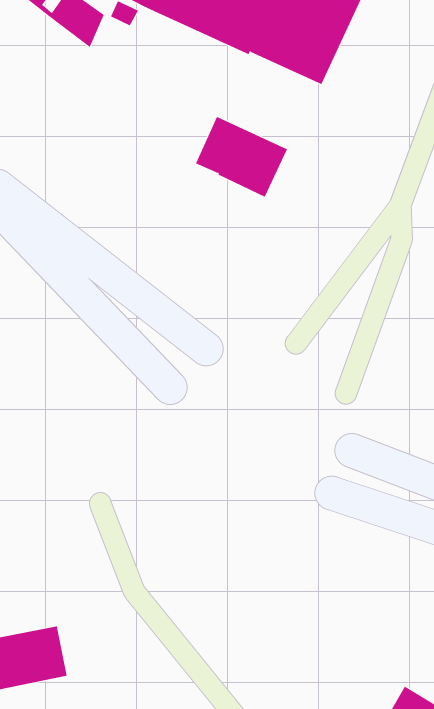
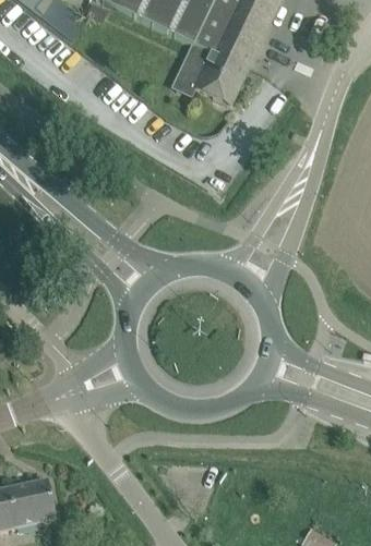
building: [195,116,288,198] -> [177,40,248,102]

